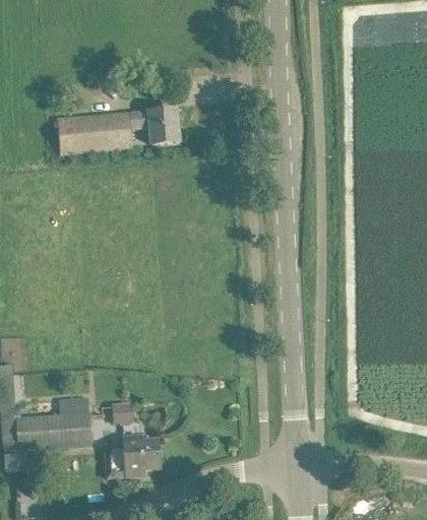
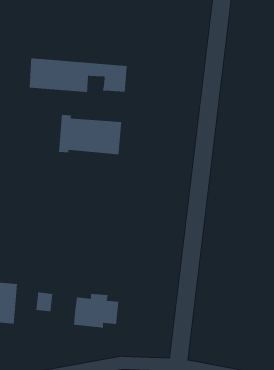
building: none -> [58,114,122,155]
building: [105,435,160,478] -> [73,293,119,328]

